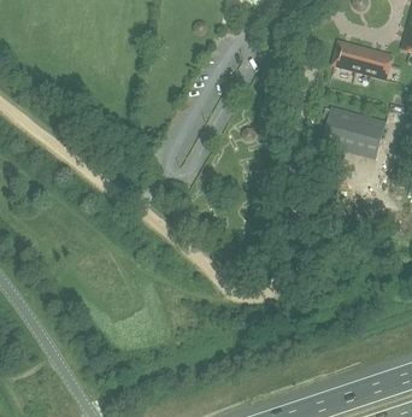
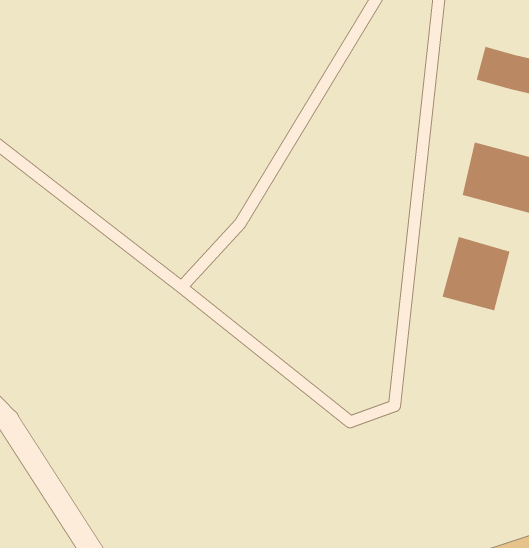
building: none -> [442,236,510,311]

